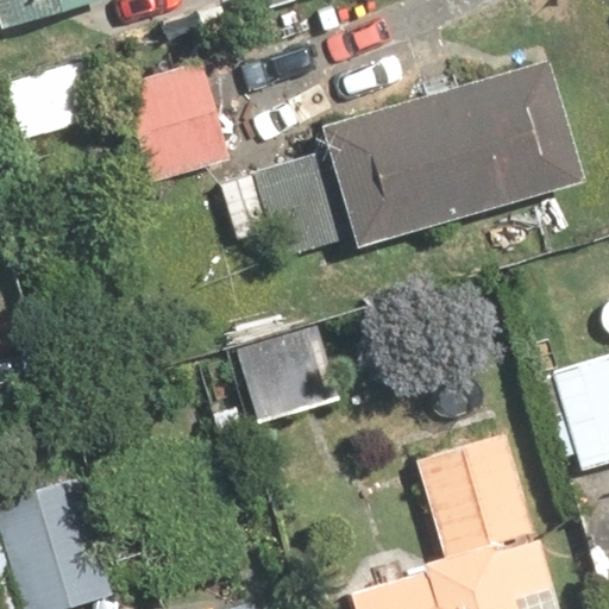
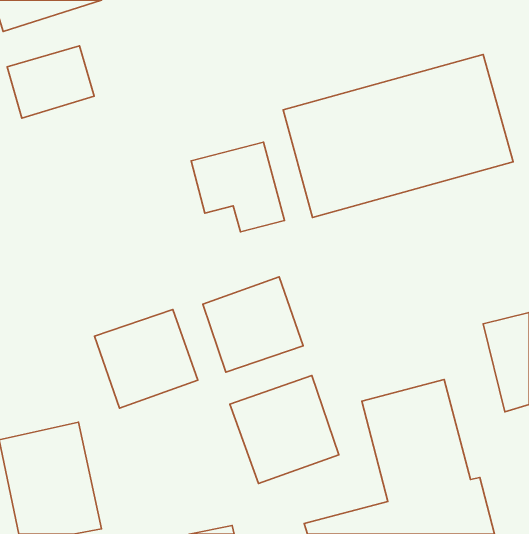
building: [123,63,234,182] -> none
building: none -> [94,310,198,408]
building: none -> [230,375,339,484]

